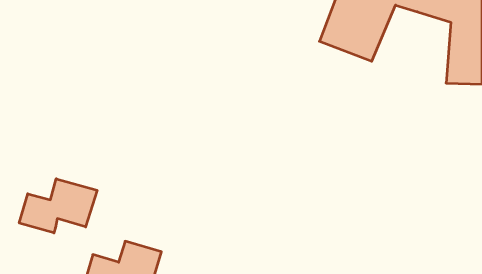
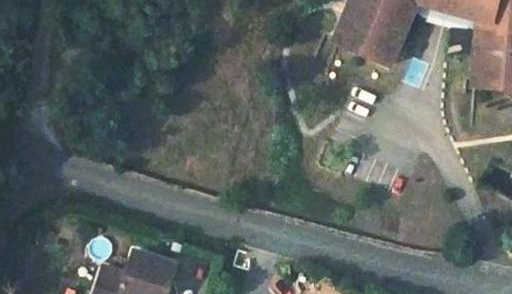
building: [19,179,97,233] -> none

